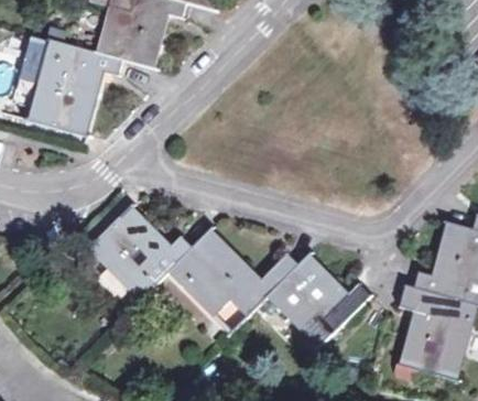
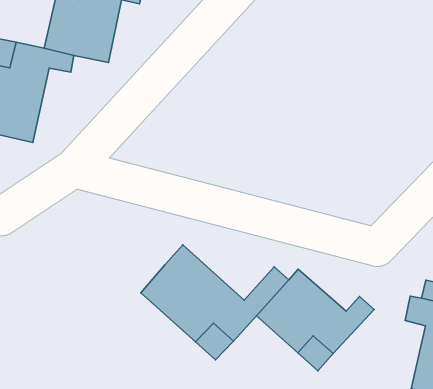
building: [89,205,192,297] -> none

